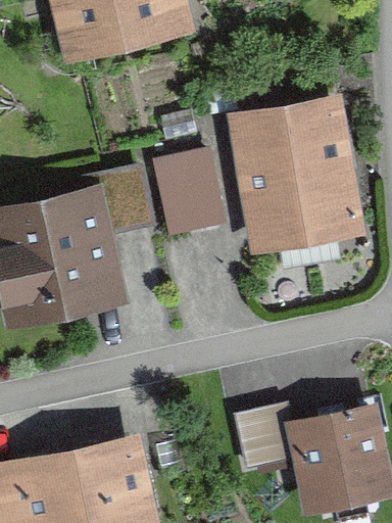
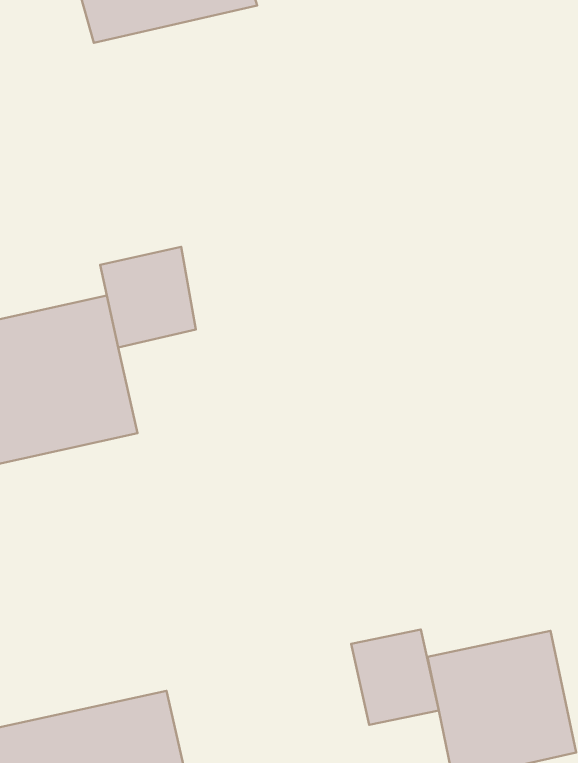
building: [242,107,351,233] -> none
building: [156,151,224,226] -> none

